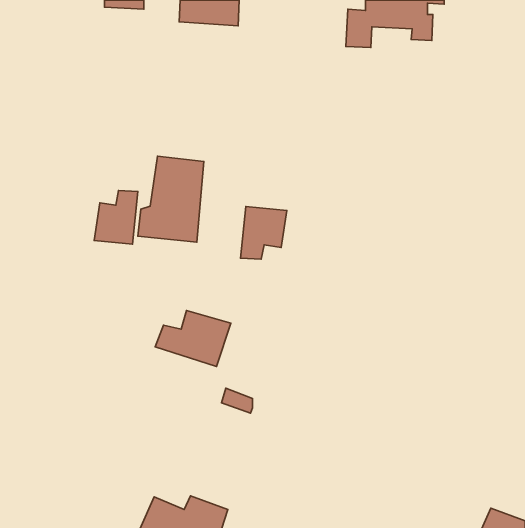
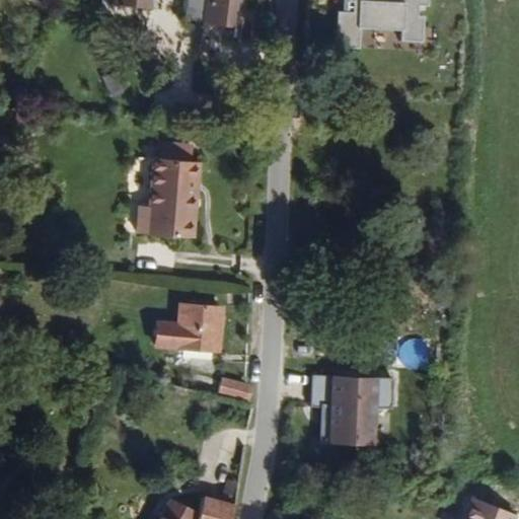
building: [94,190,138,244] -> none
building: [240,206,287,259] -> none
building: none -> [316,372,399,442]

